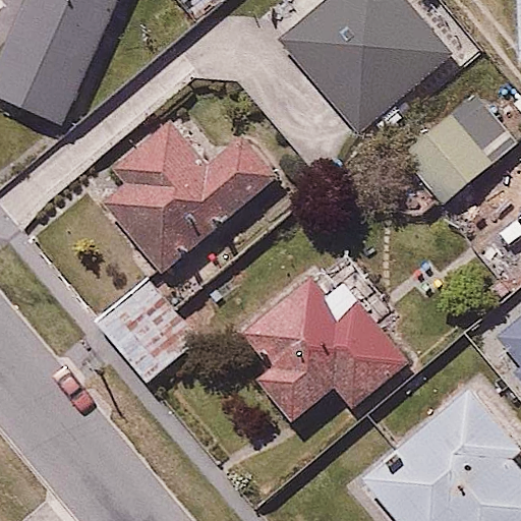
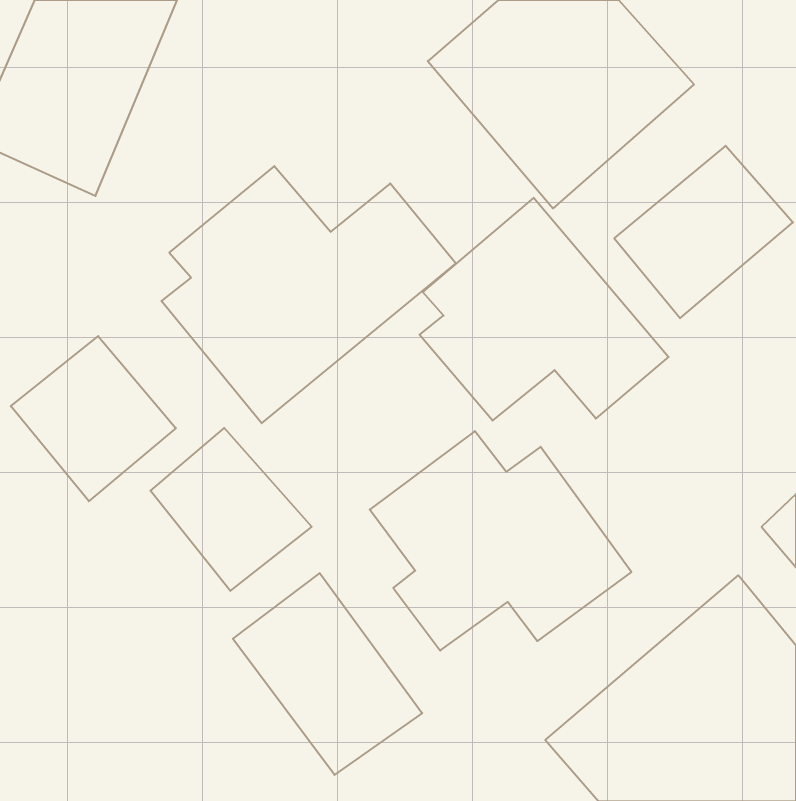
building: none -> [420,198,669,421]
building: none -> [11,336,176,501]
building: none -> [233,573,422,775]

